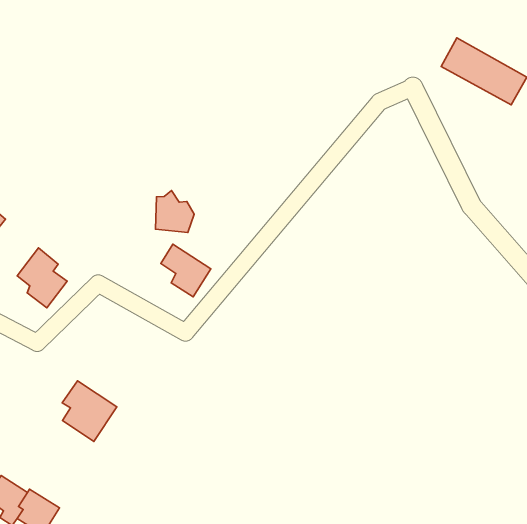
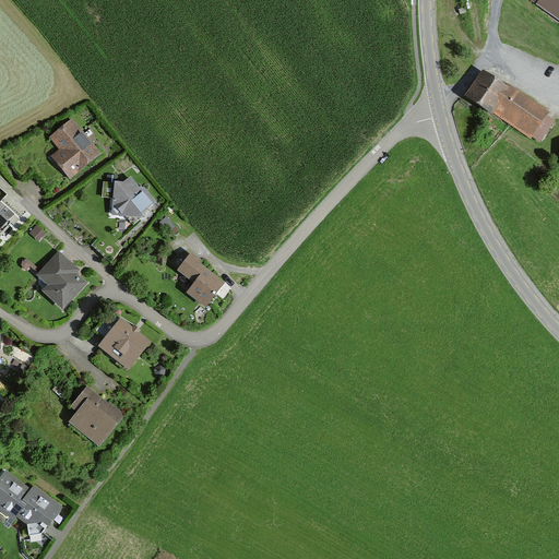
building: none -> [47,117,103,181]
building: [156,190,194,232] -> [112,176,152,218]
building: none -> [97,319,150,370]

